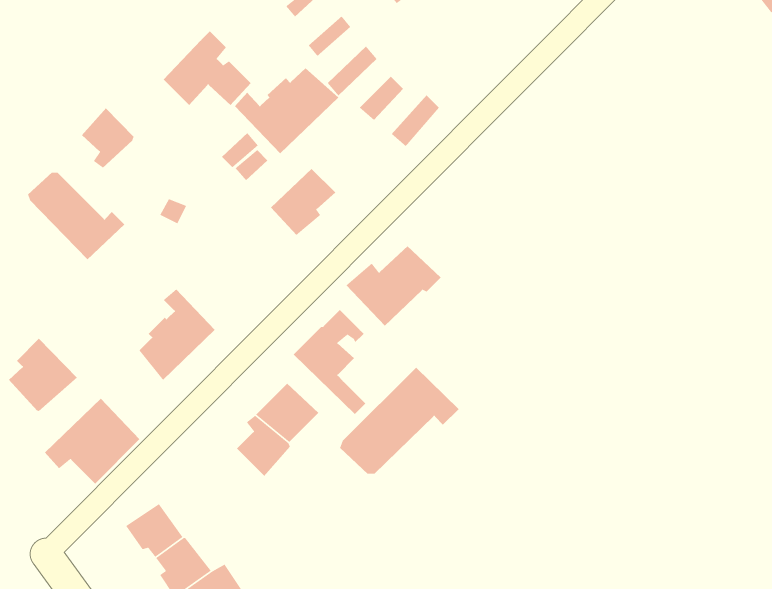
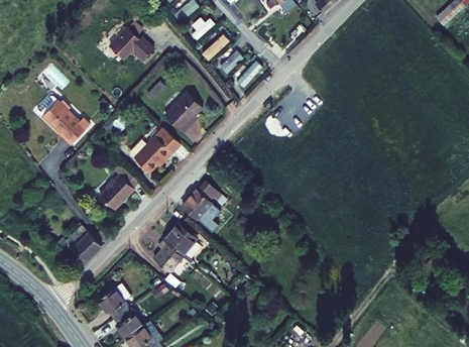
building: [234,68,339,154] -> none
building: [81,107,134,168] -> none
building: [345,245,441,326] -> [131,135,183,179]
building: [8,338,78,412] -> none
building: [339,367,460,475] -> none

